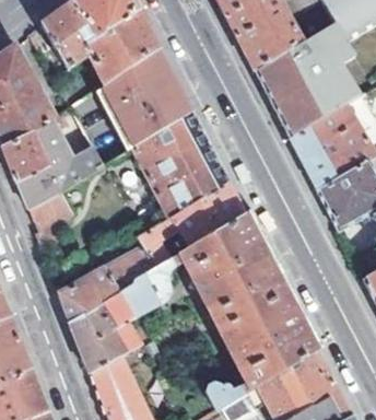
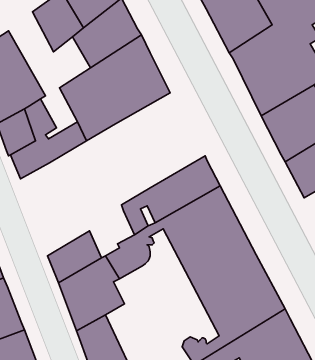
building: [132,115,231,219] -> none
building: [28,191,73,252] -> none
building: [104,244,153,295] -> none

